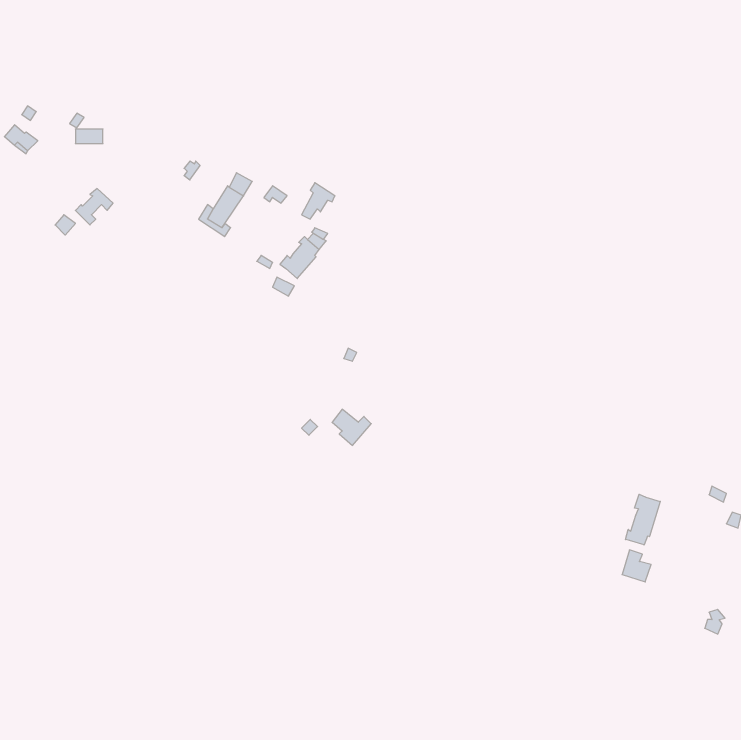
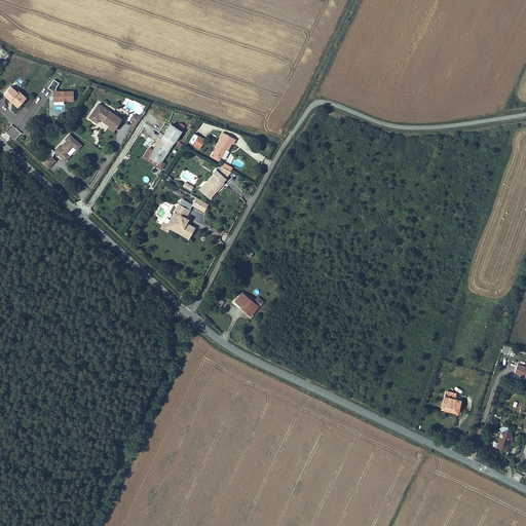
building: none -> [89,105,122,134]
building: none -> [159,200,194,238]
building: [626,494,660,545] -> none

